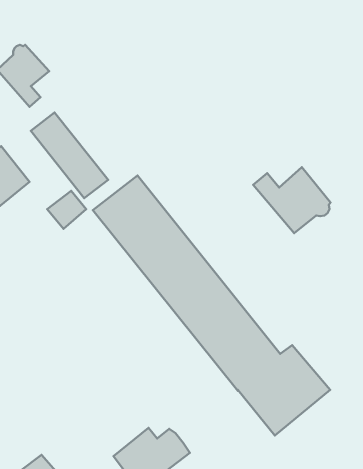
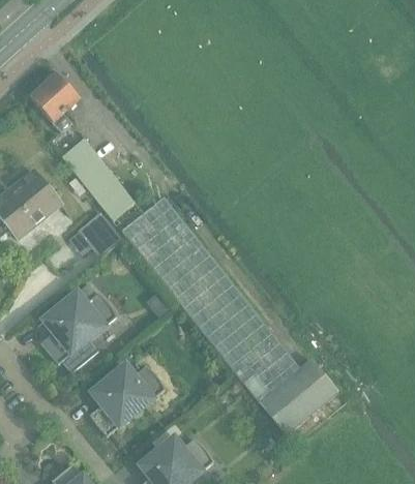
building: [253,167,331,233] -> none
building: none -> [40,281,115,371]
building: none -> [88,364,164,435]

